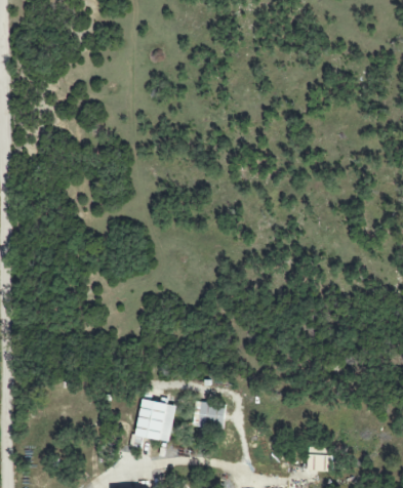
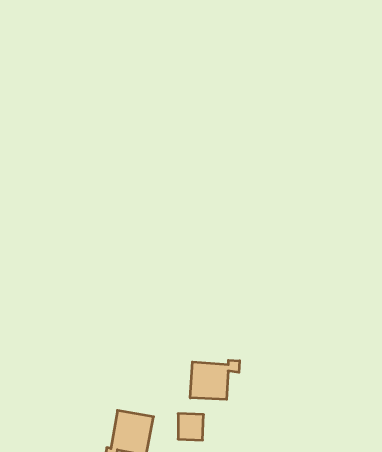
building: none -> [190,360,240,399]

